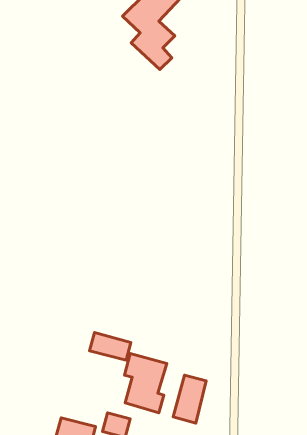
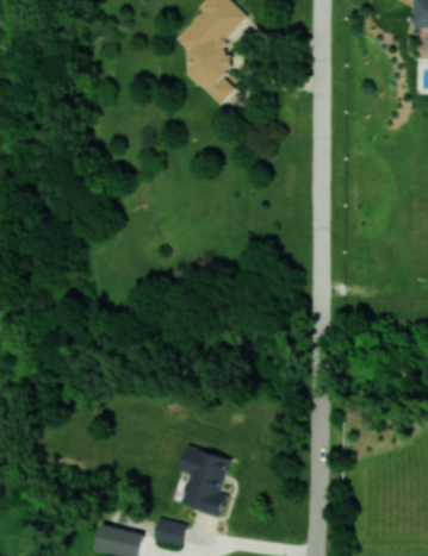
building: [89,333,131,360] -> none
building: [173,375,206,423] -> none

